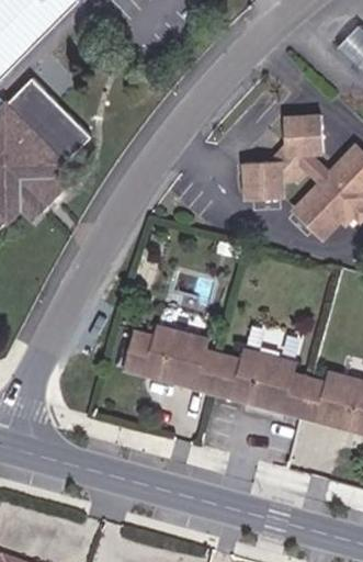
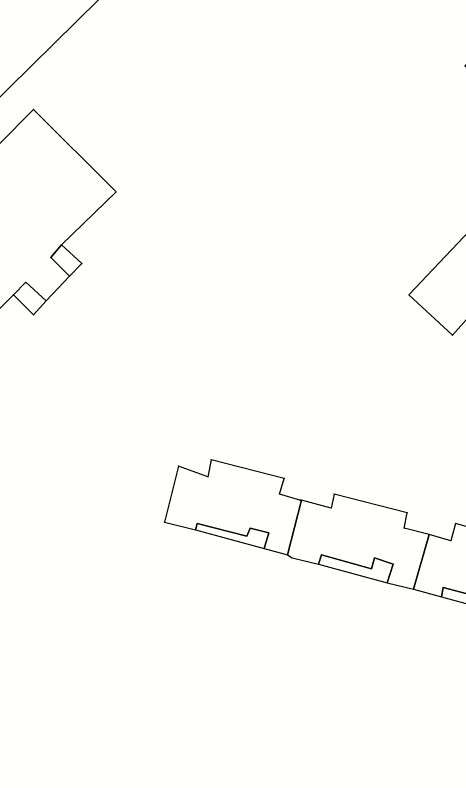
building: [243,114,322,199] -> none

